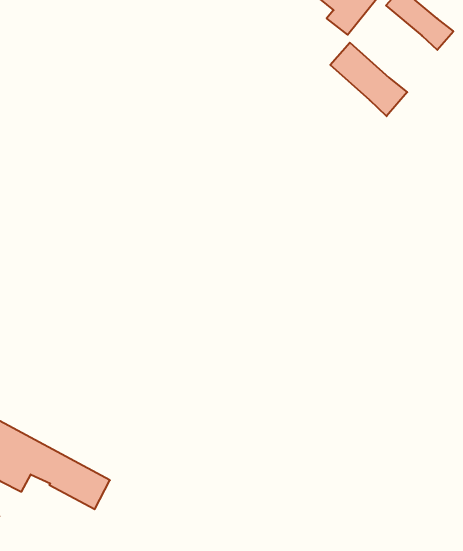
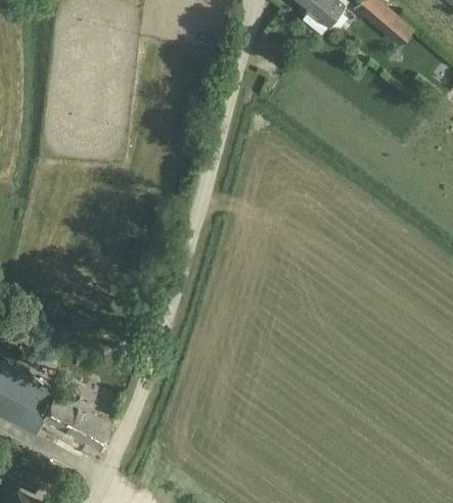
building: [330,43,407,116] -> none

